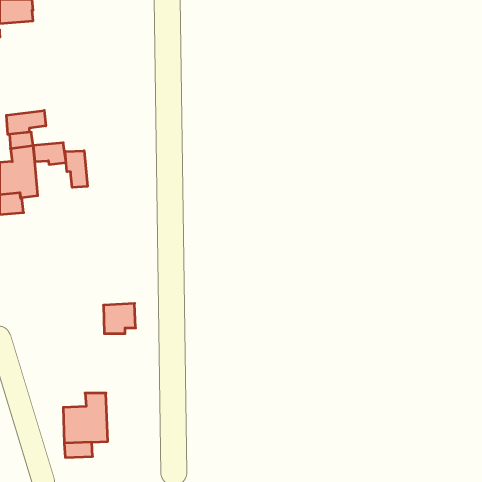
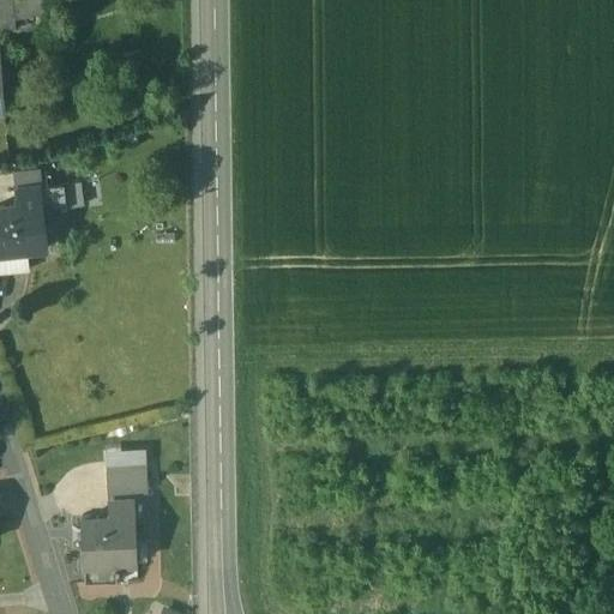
building: [6,110,46,134] -> none
building: [65,151,87,187] -> none
building: [103,303,136,334] -> [107,460,148,499]

